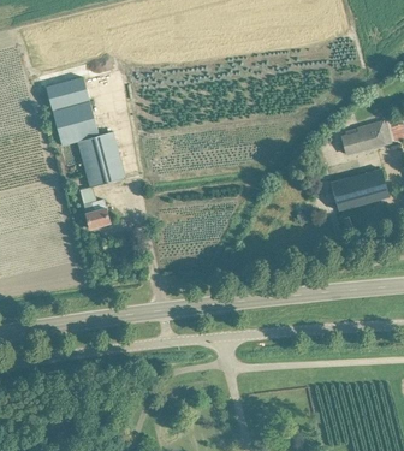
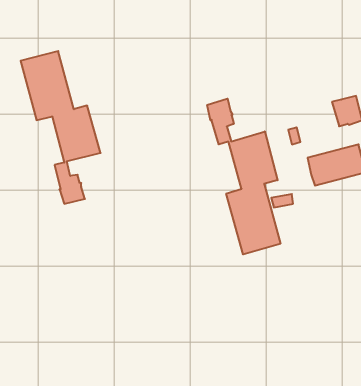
building: none -> [207,99,280,254]

